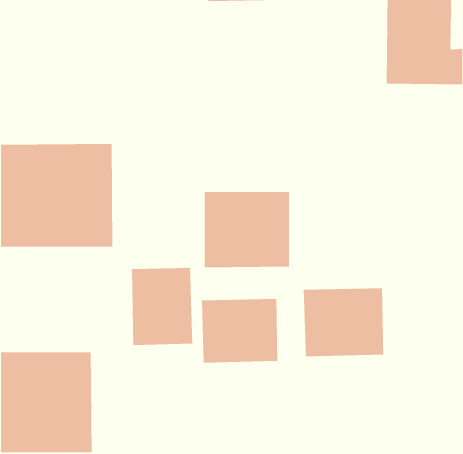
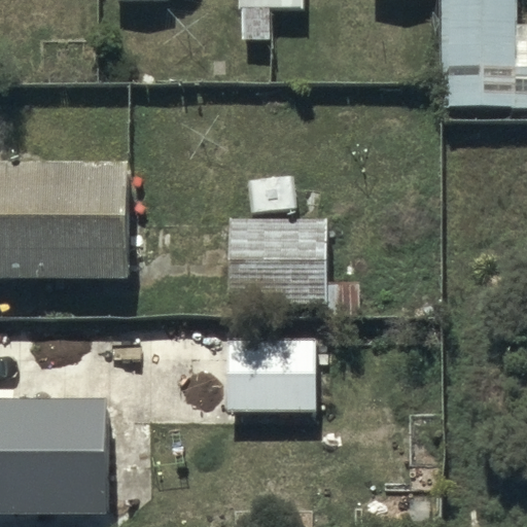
building: [131,267,193,346] -> none
building: [303,287,384,357] -> none

